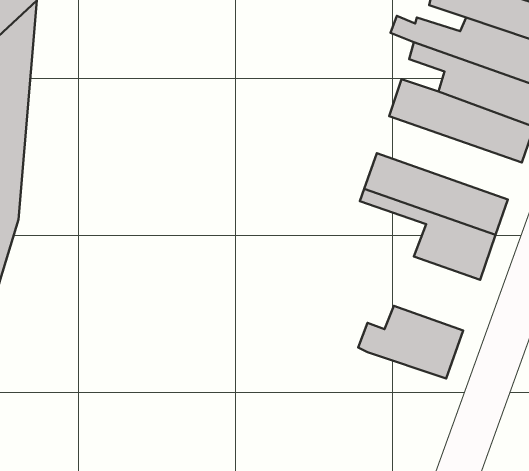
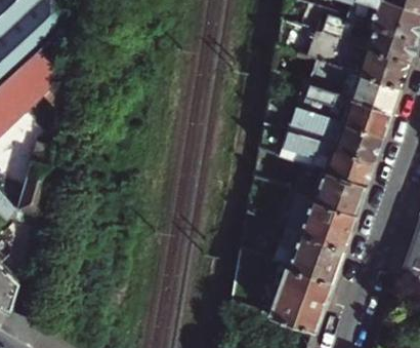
building: none -> [279,105,383,162]
building: none -> [286,195,355,249]
building: none -> [270,264,333,331]

